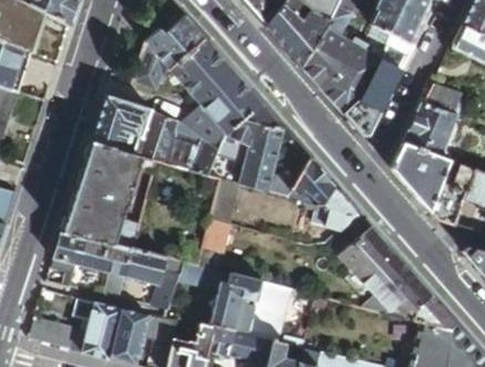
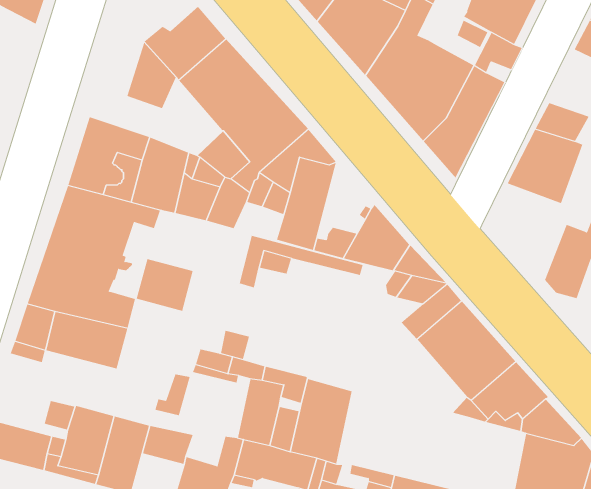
building: [392,142,451,211] -> none
building: [126,246,167,284] -> [136,258,194,311]

